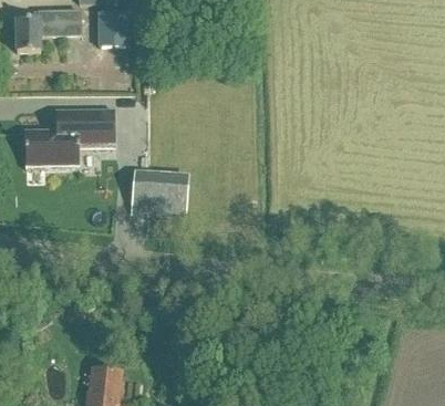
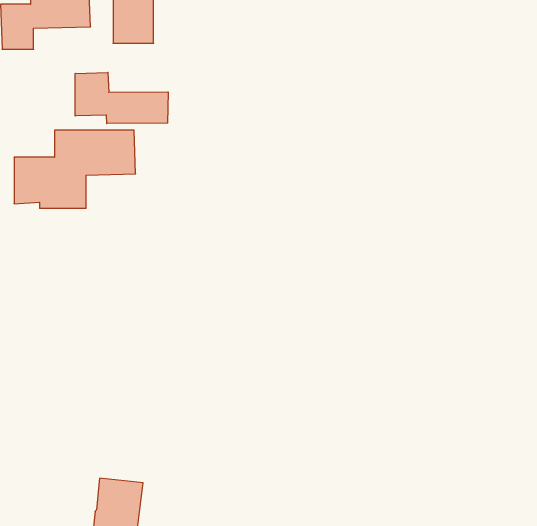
building: none -> [75,72,168,124]
building: [132,168,189,217] -> none

